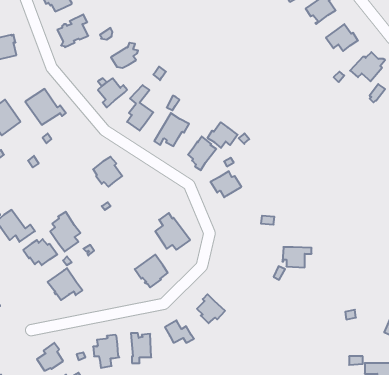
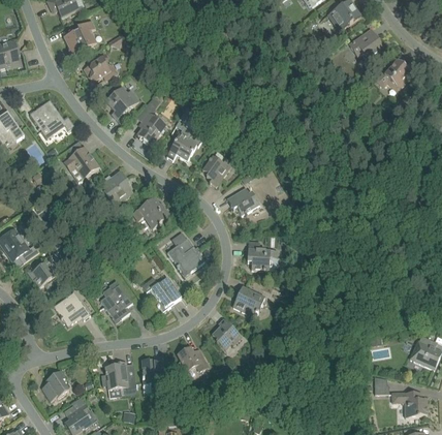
building: [111,43,138,68] -> [84,52,113,79]
building: [208,122,238,148] -> none
building: none -> [64,146,99,178]
building: none -> [132,197,169,227]
building: [50,212,80,252] -> [100,279,132,321]
building: [282,247,312,267] -> [247,248,278,270]
building: none -> [232,286,263,316]

